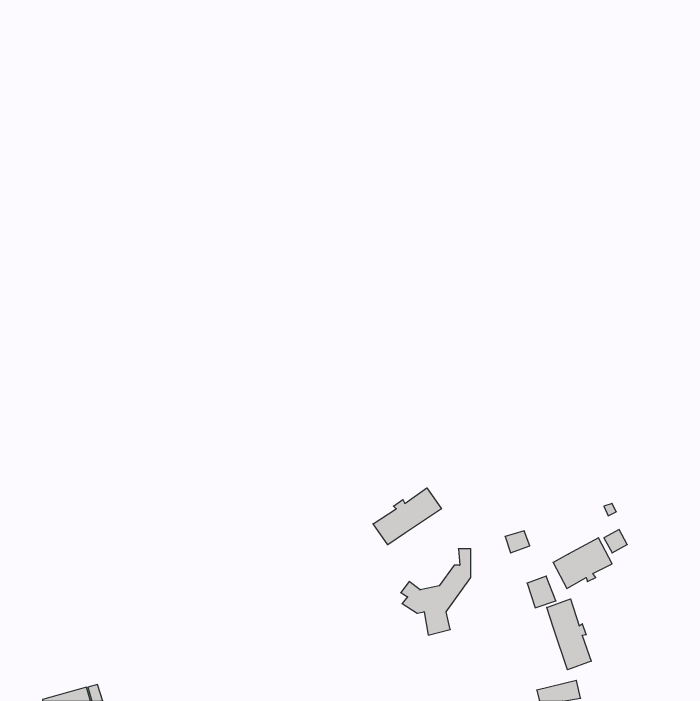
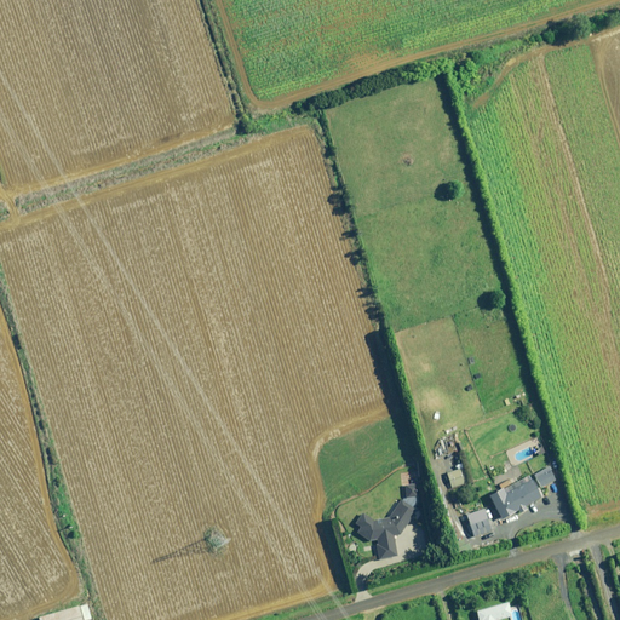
building: [373,488,441,545] -> none
building: [547,599,591,670] -> none

